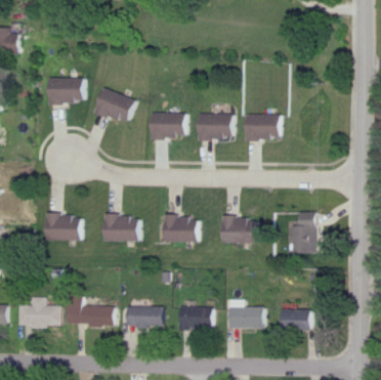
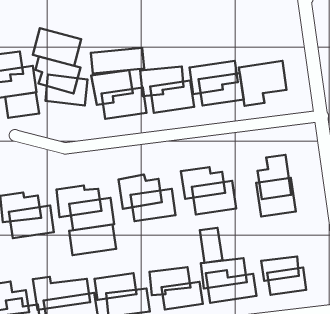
building: none -> [33,28,81,66]
building: none -> [91,48,144,74]
building: none -> [5,92,39,118]
building: none -> [239,61,287,106]
building: none -> [69,224,116,255]
building: none -> [200,228,222,263]

